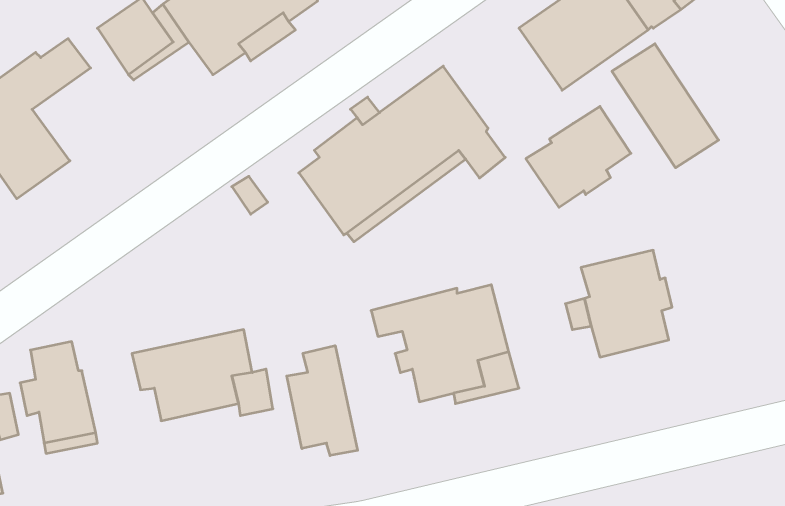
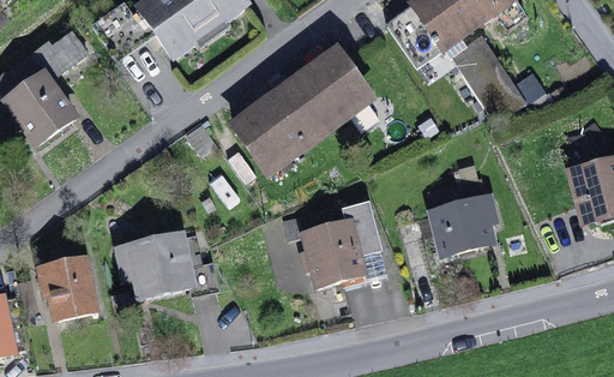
building: [526,106,631,207] -> none
building: [287,346,358,456] -> none

